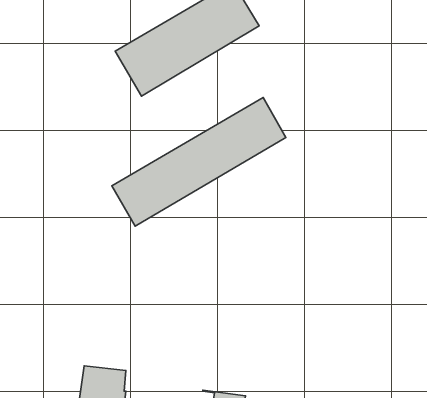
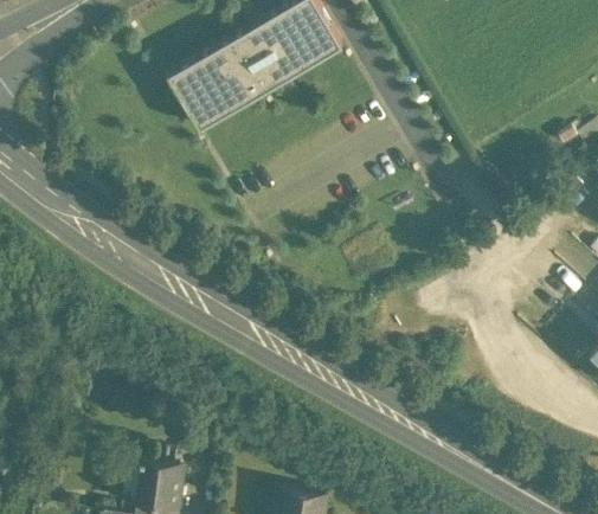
building: [112,98,286,226] -> none

